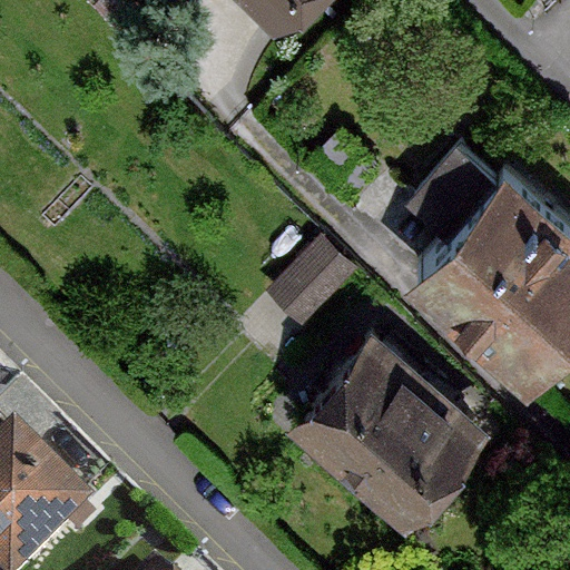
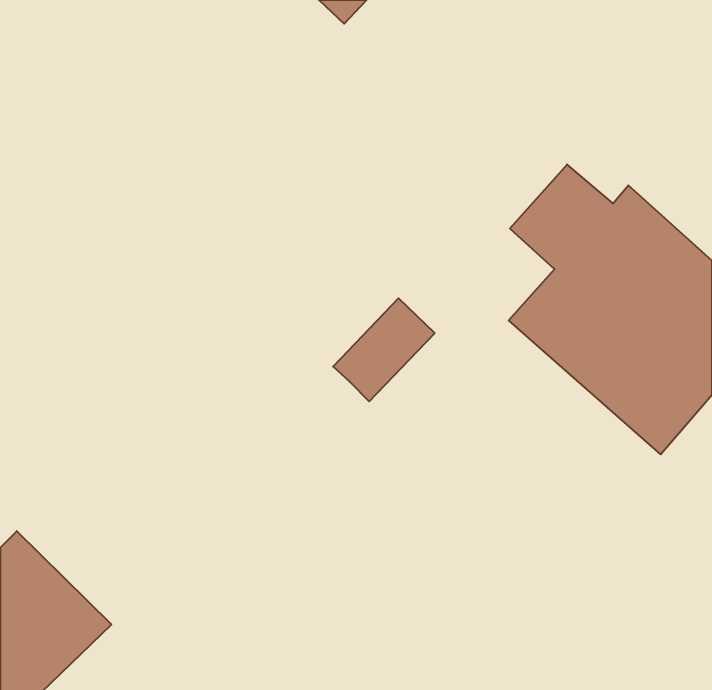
building: [287,330,487,525] -> none

